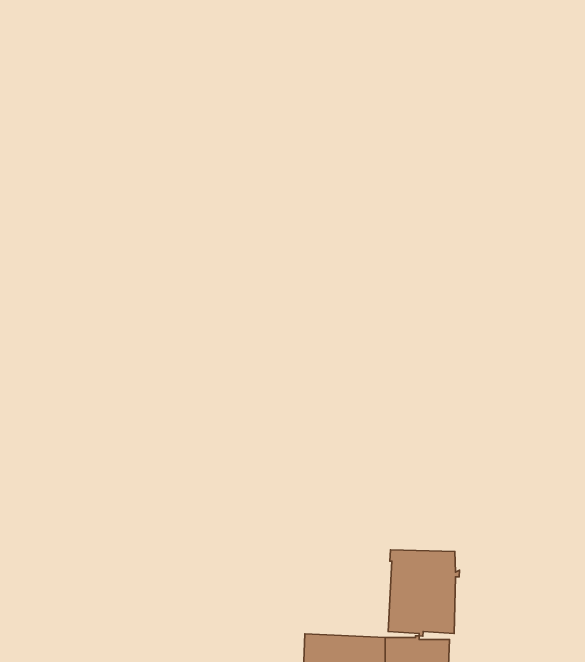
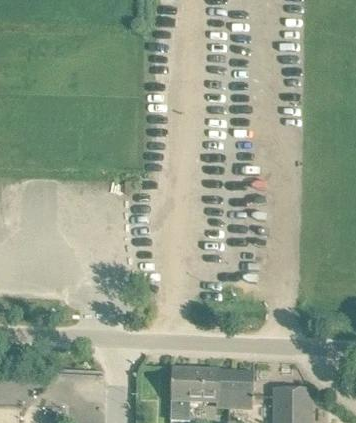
building: [388,550,459,636] -> none

